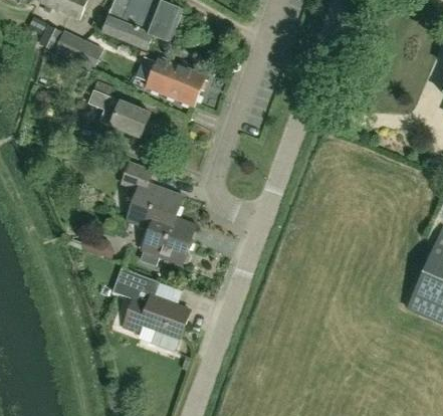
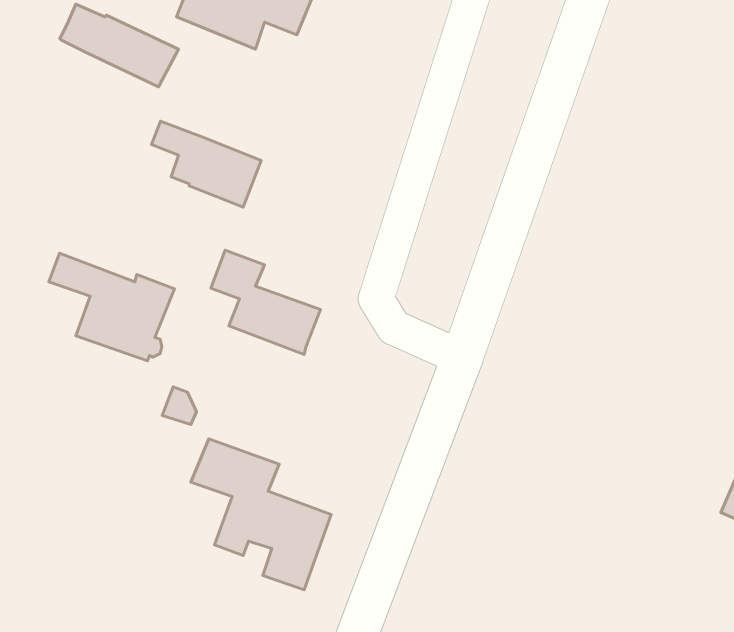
building: [147,56,206,105] -> none
building: [127,204,197,264] -> [49,253,175,361]

